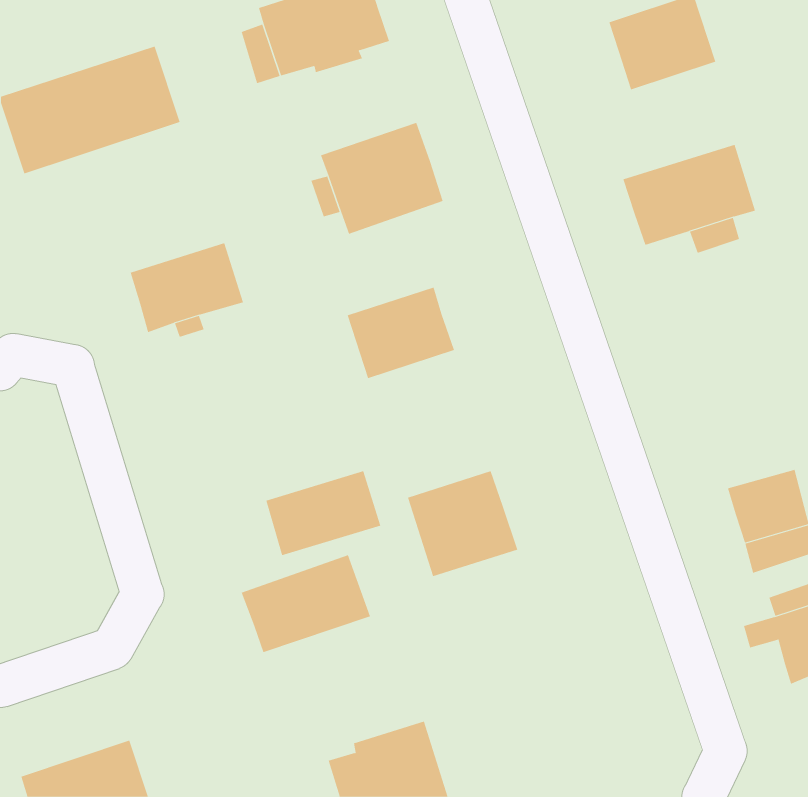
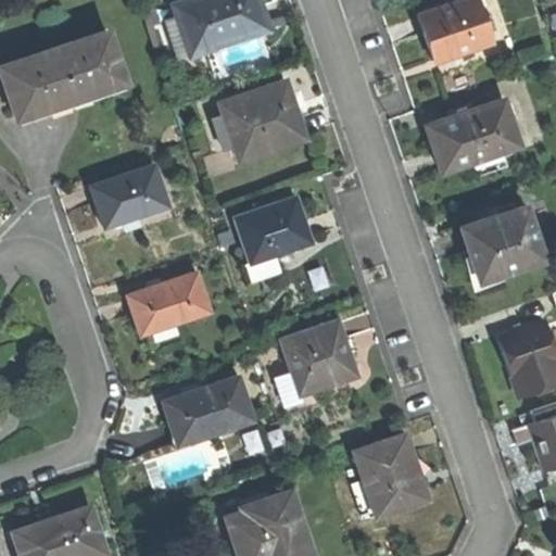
building: none -> [462,207,540,275]
building: [266,470,381,556] -> [127,276,206,334]
building: none -> [357,439,428,519]

